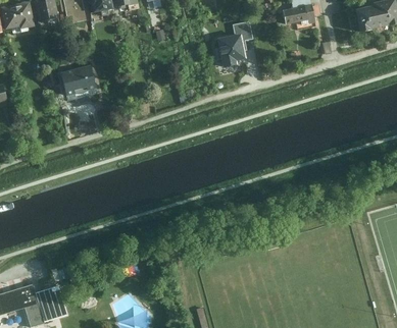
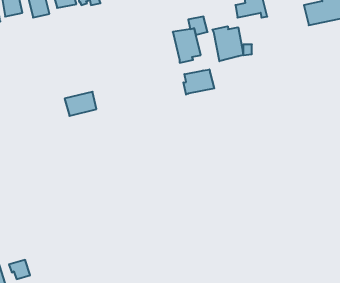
building: none -> [212,26,243,61]
building: [60,69,94,95] -> [65,92,96,116]
building: none -> [183,69,214,95]

